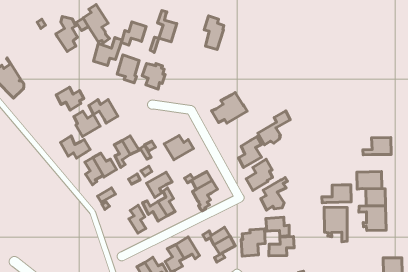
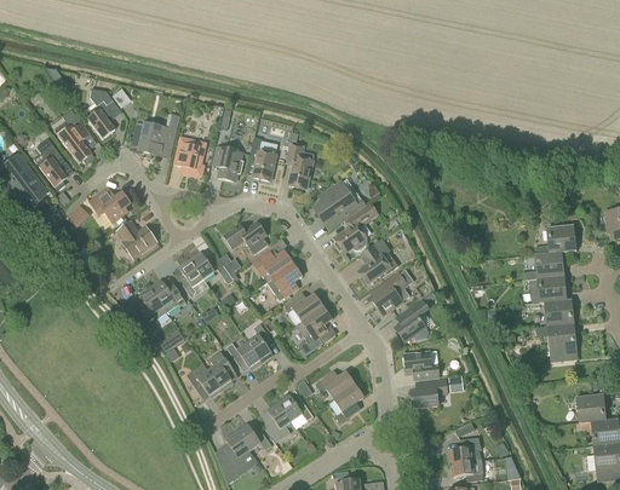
building: [83,5,110,43] -> [53,109,93,163]
building: [157,11,177,42] -> [249,137,277,180]
building: [204,16,224,50] -> [286,142,314,189]
building: [121,22,146,45] -> none
building: none -> [33,138,69,191]
building: [89,99,118,123] -> none
building: [258,111,290,145] -> [334,202,379,253]
building: none -> [223,220,269,253]
building: [61,136,90,158] -> none
building: [147,172,172,197] -> [266,263,303,300]
building: [322,185,351,203] -> [522,250,564,279]
building: [324,207,347,242] -> none
building: none -> [186,362,223,399]
building: [241,229,265,256] -> none

